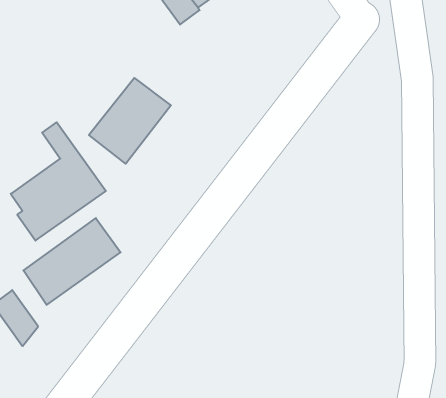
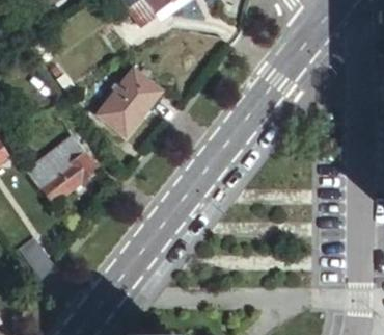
building: [23,218,121,305] -> none

